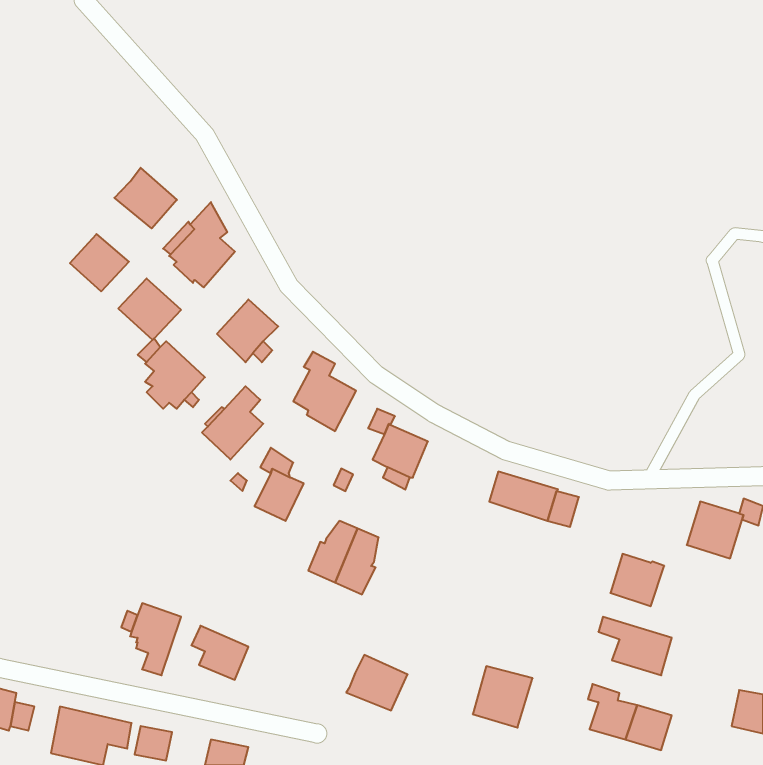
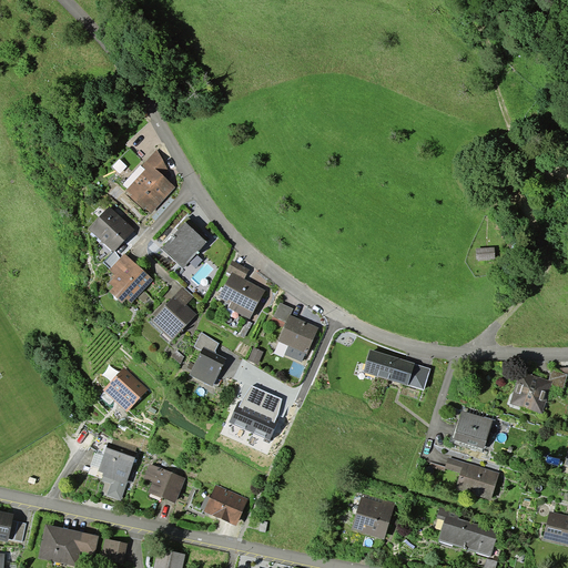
building: [114,168,177,228] -> none
building: [70,234,129,291] -> none
building: none -> [102,367,148,412]
building: [346,655,408,710] -> [202,485,247,526]

